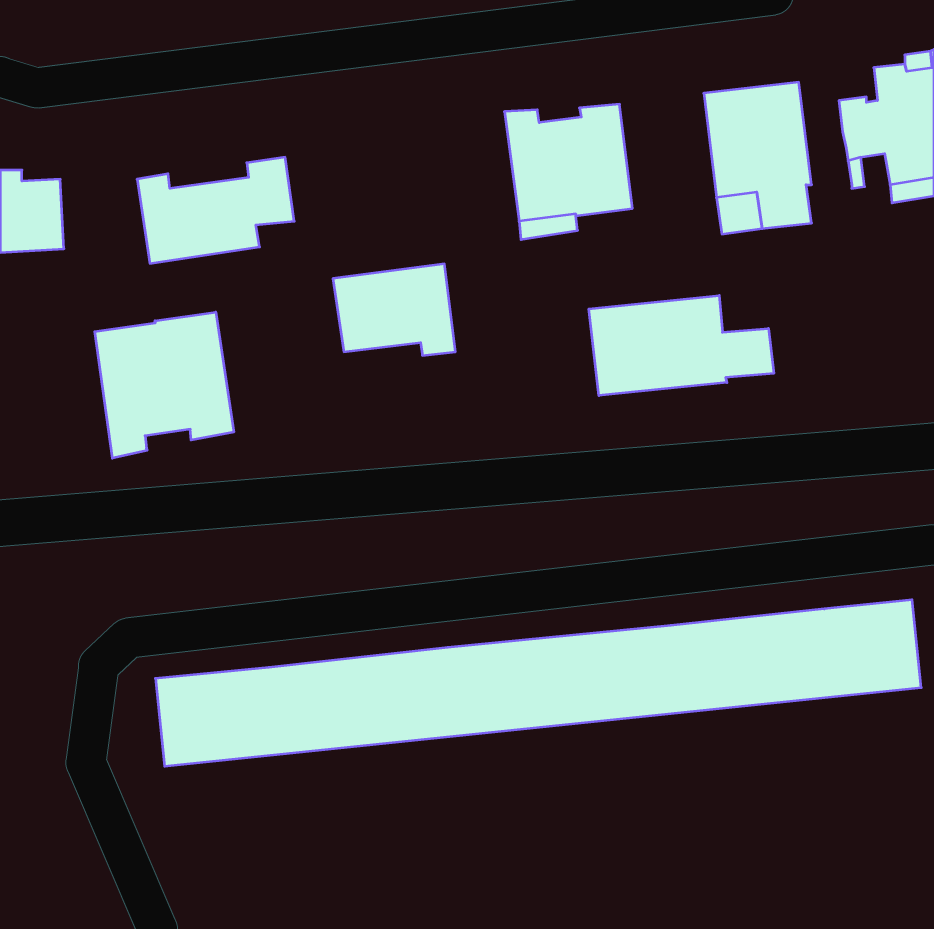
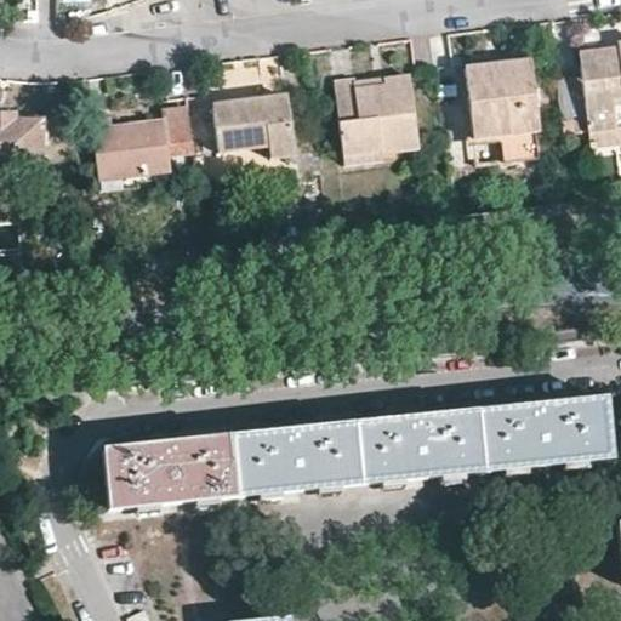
building: [333,264,455,355] -> [213,90,295,150]
building: [589,295,774,396] -> none
building: [95,312,234,458] -> none

